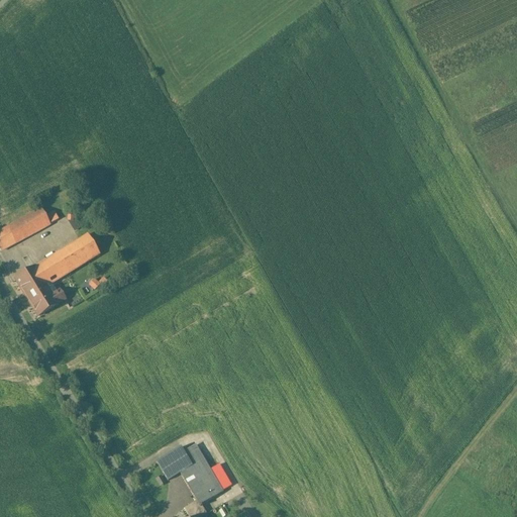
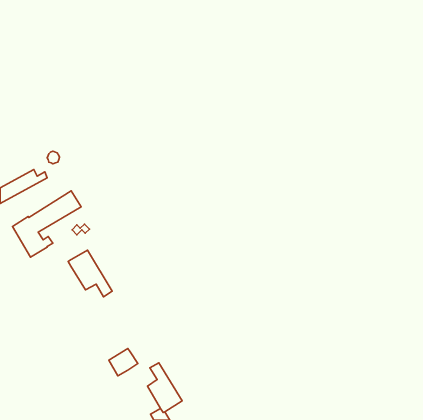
building: none -> [68,250,112,297]
building: [157,445,192,479] -> [109,349,138,376]

